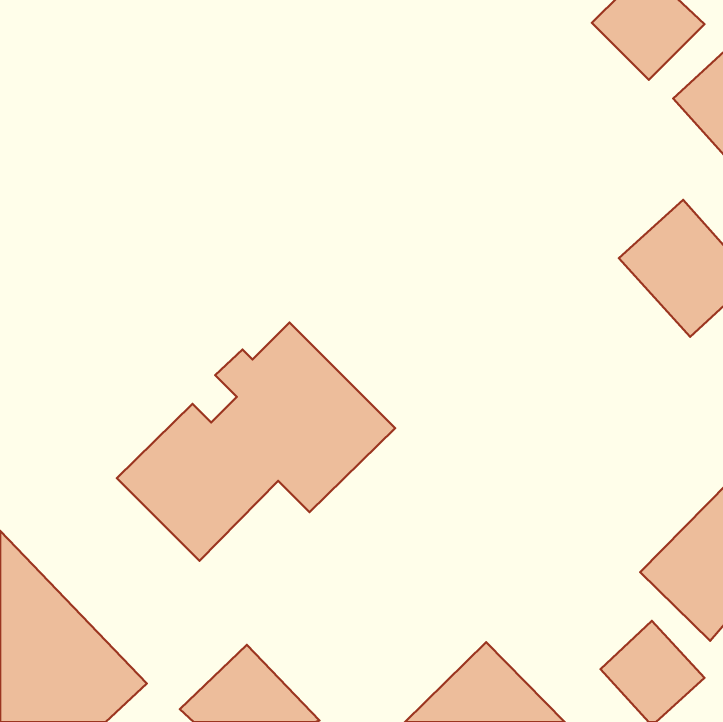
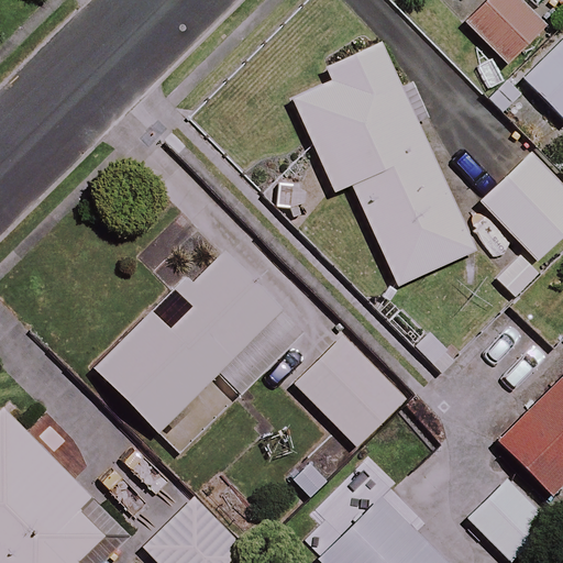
building: none -> [291,44,474,286]
building: none -> [294,334,406,446]

